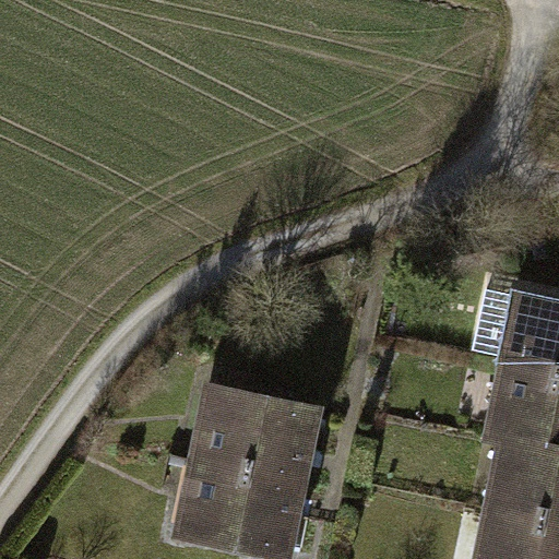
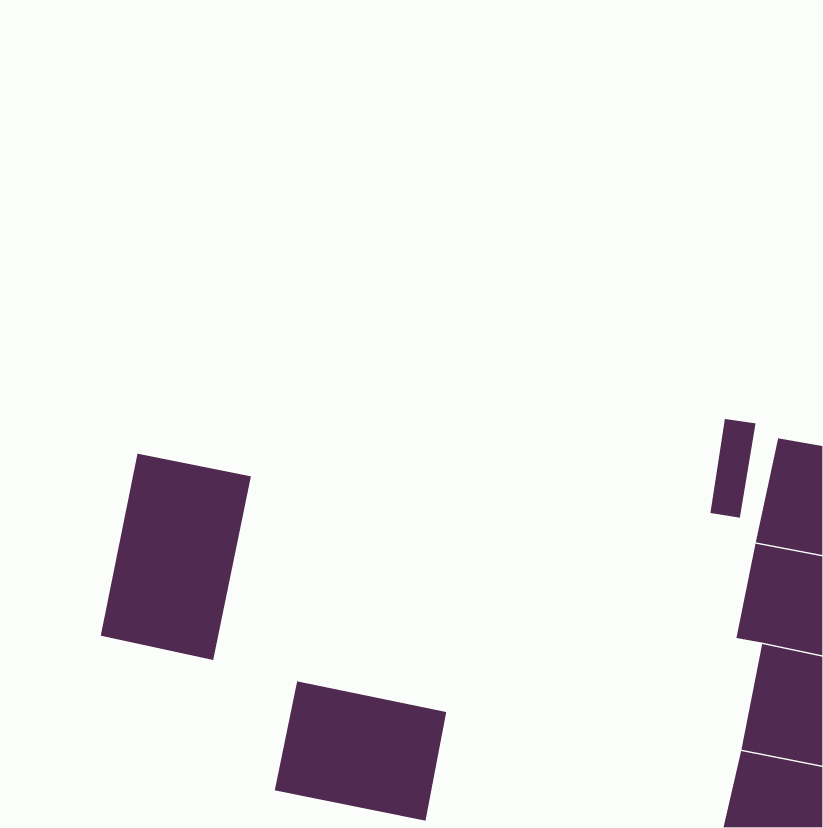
building: none -> [100,453,252,661]
building: [200,389,316,479] -> none

